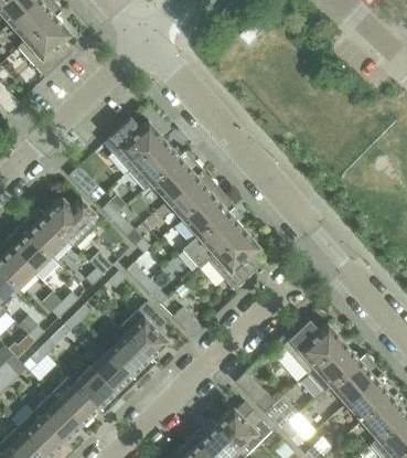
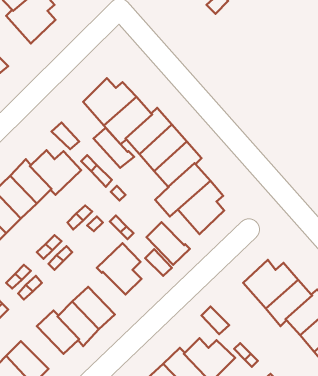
building: none -> [93,128,134,168]
building: [108,332,157,380] -> [147,222,190,265]
building: [33,393,81,440] -> none

